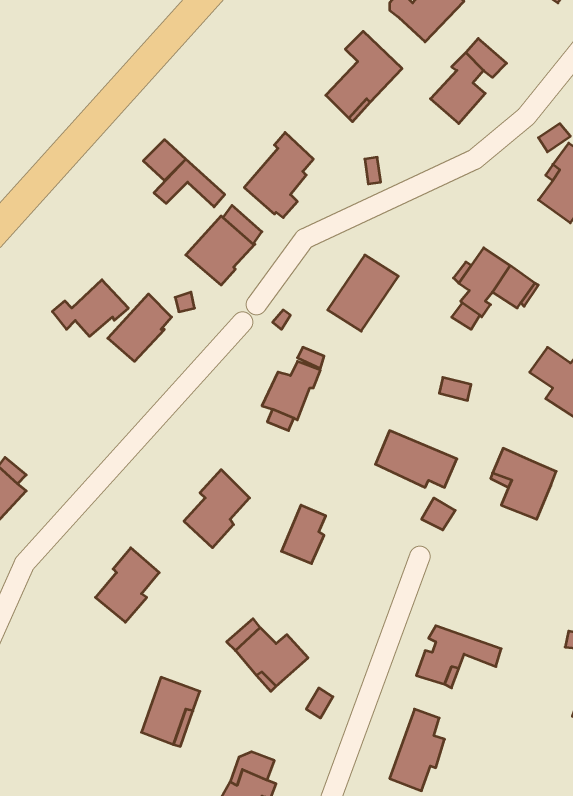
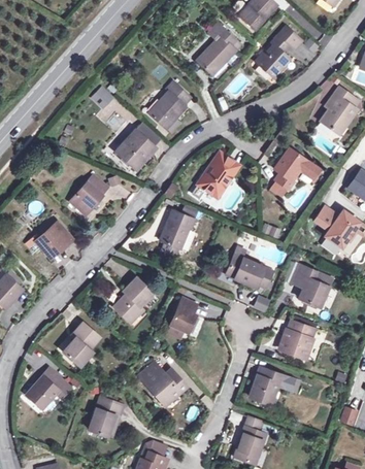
building: [52,280,128,336] -> [27,223,71,256]
building: none -> [279,321,313,359]
building: none -> [25,370,63,410]

